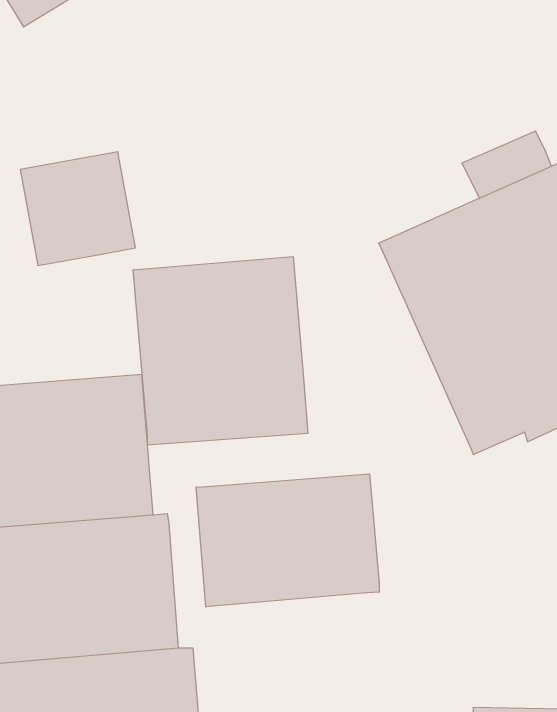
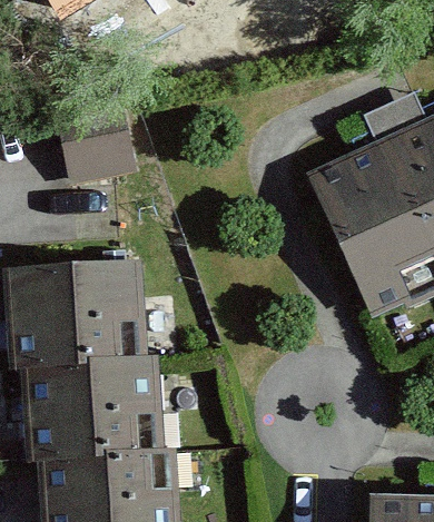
building: [133,257,308,445] -> none
building: [196,474,379,607] -> none

